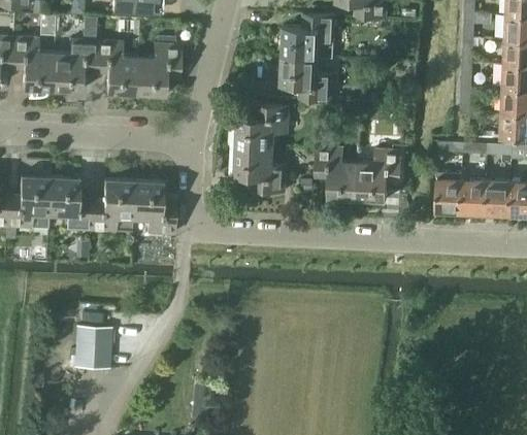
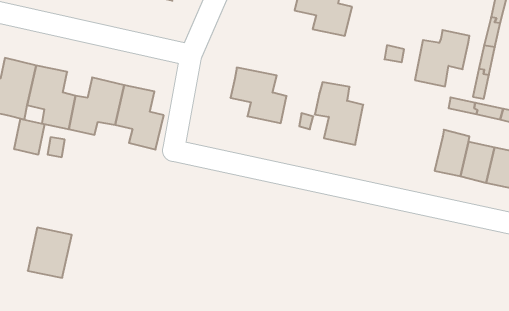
building: [236,104,290,147] -> none
building: [358,148,401,200] -> [415,30,469,86]
building: none -> [14,119,44,155]

